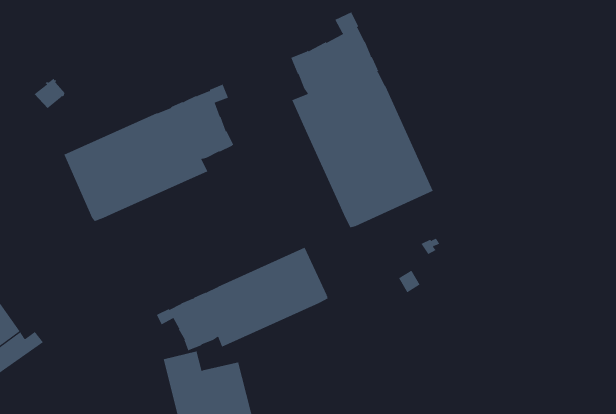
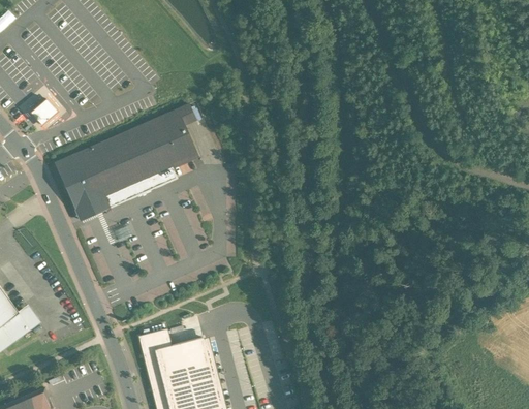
building: [290,11,434,228] -> none
building: [156,247,328,351] -> none

